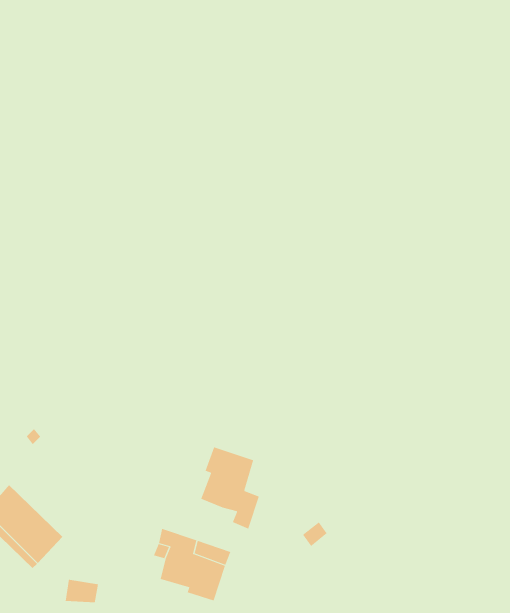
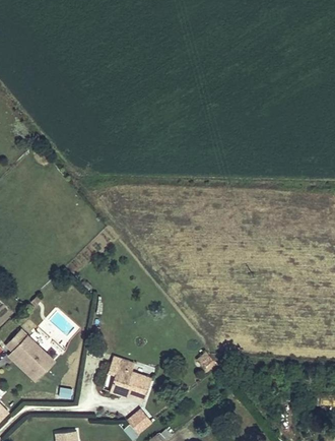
building: [201,446,259,529] -> none

